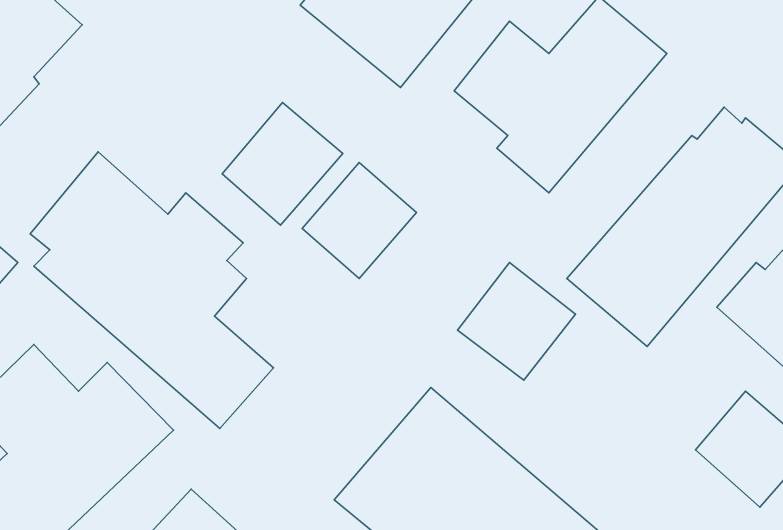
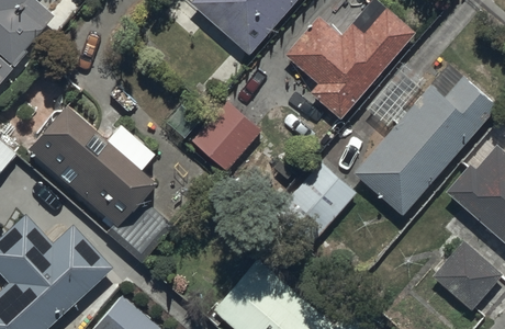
building: [222,102,343,225] -> none

